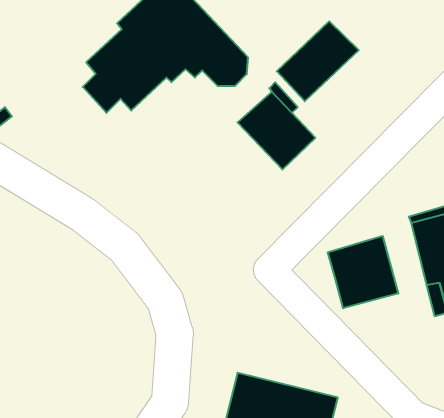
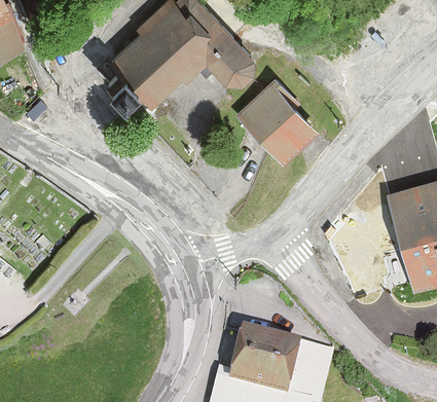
building: [277,21,359,101] -> none
building: [328,236,398,308] -> none

